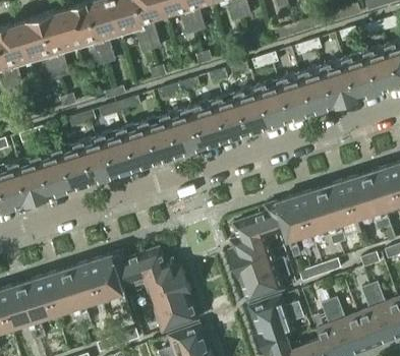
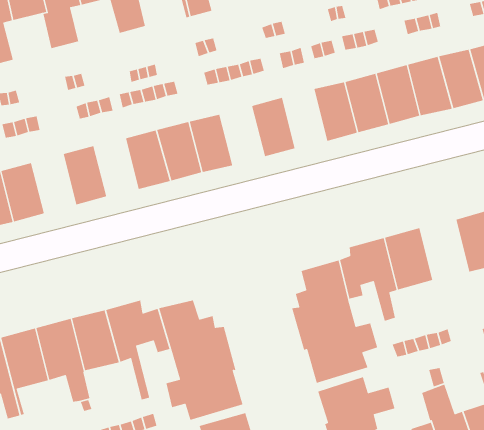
building: [214,98,246,140] -> none
building: [171,112,204,155] -> none
building: [84,139,117,181] -> none
building: [42,153,74,195] -> none
building: [315,183,350,245] -> none

